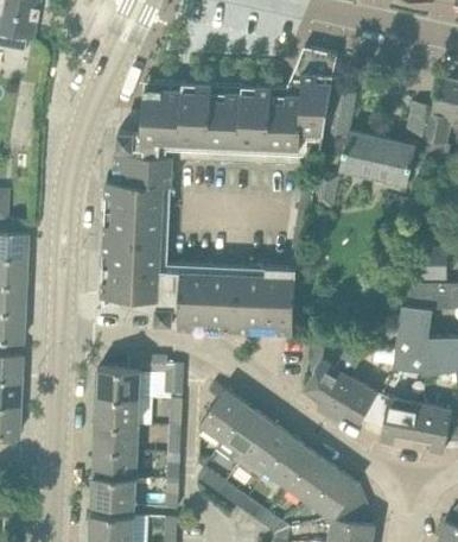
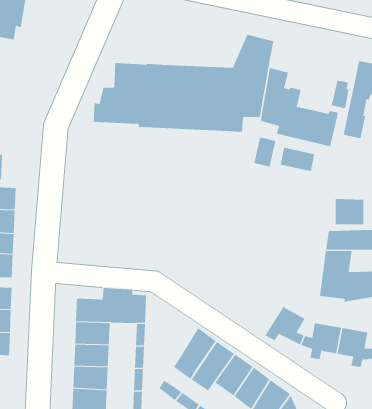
building: [102,152,297,333] -> none
building: none -> [280,147,315,172]
building: [306,346,356,412] -> none
building: [201,382,246,440] -> none

